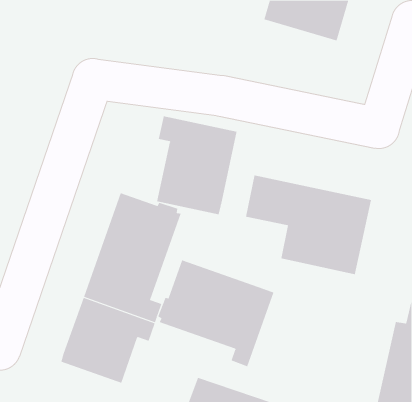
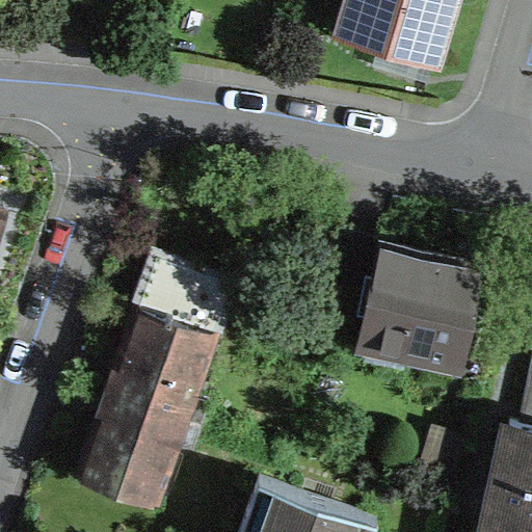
building: [157,115,237,215] -> none
building: [158,259,274,367] -> none

